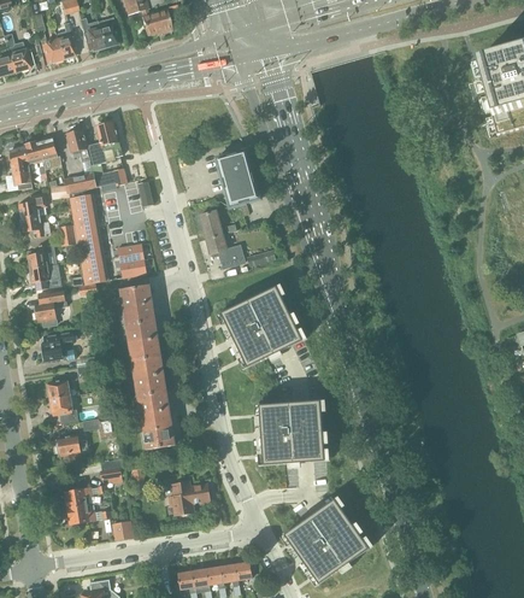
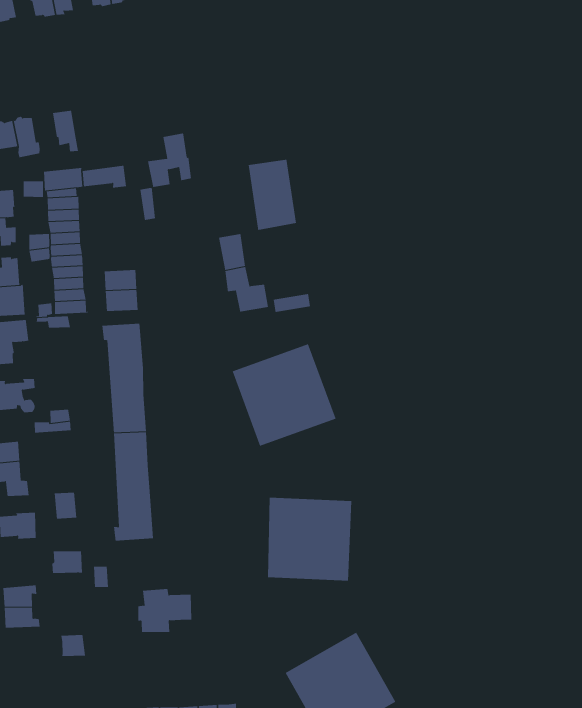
building: [87,121,122,164] -> [147,133,192,188]

